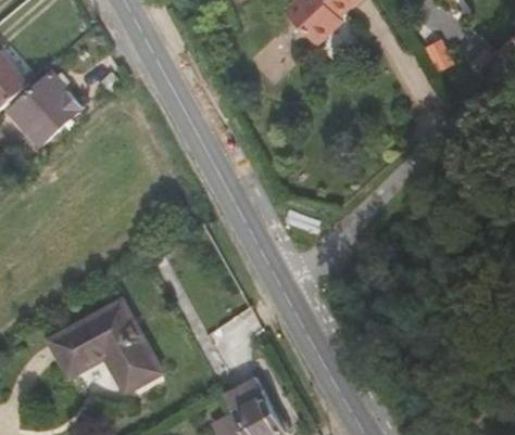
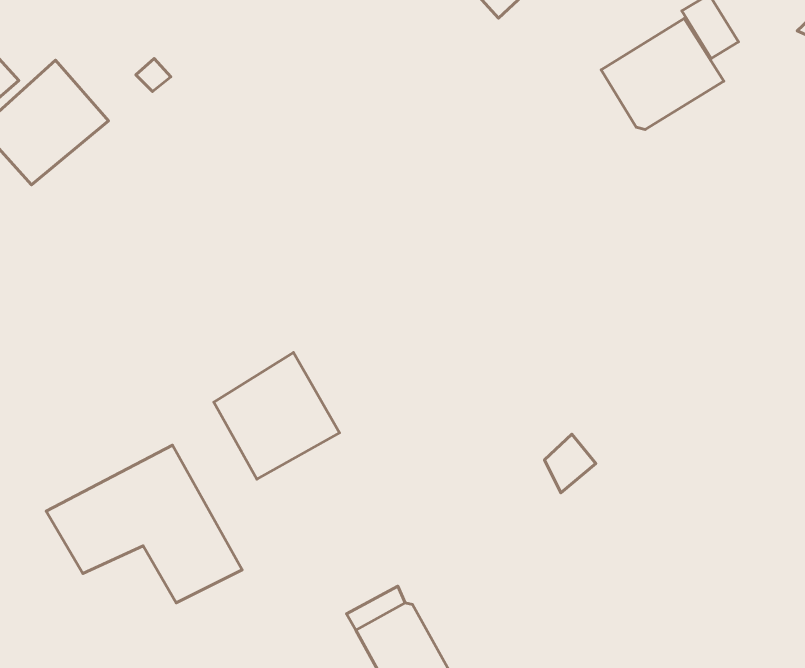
building: none -> [601,19,724,129]
building: none -> [214,352,340,479]

